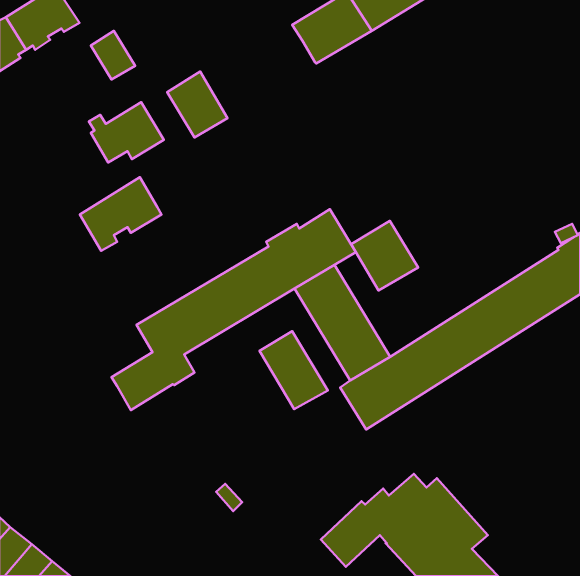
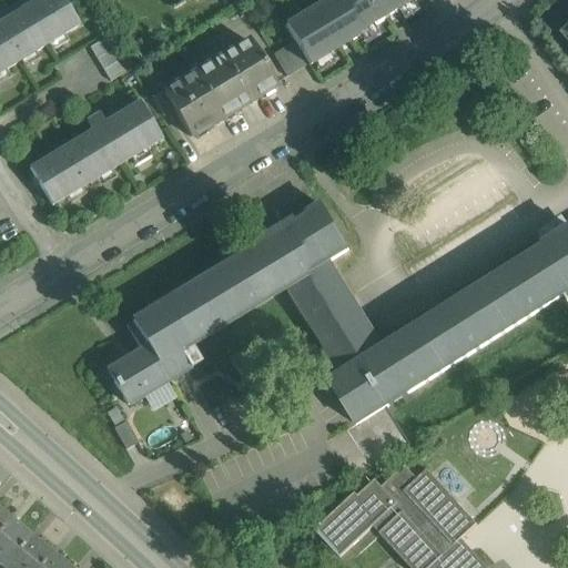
building: none -> [195,38,275,115]
building: none -> [273,40,307,74]
building: [80,177,162,251] -> [30,130,110,202]
building: [351,221,418,290] -> none
building: [260,331,328,409] -> none

